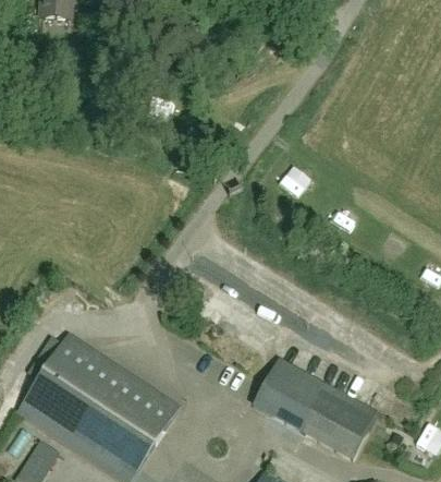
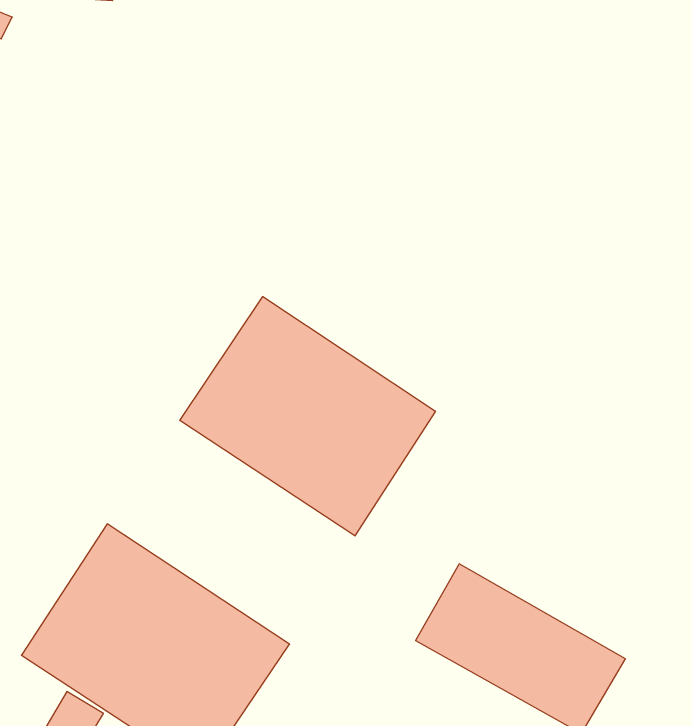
building: none -> [180,297,435,536]

